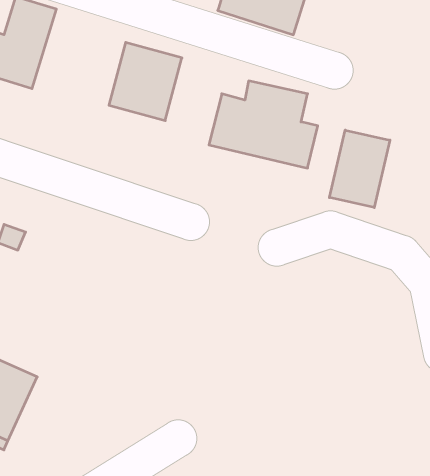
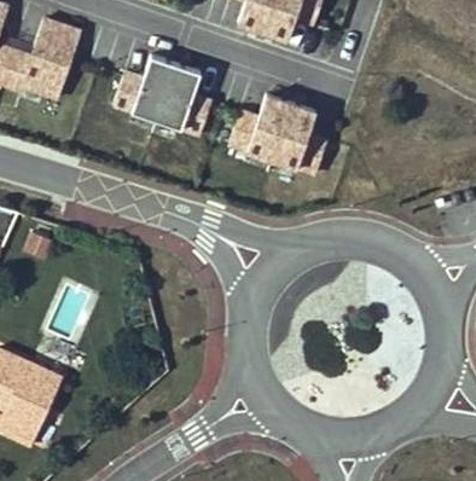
building: [329,130,390,208] -> none

